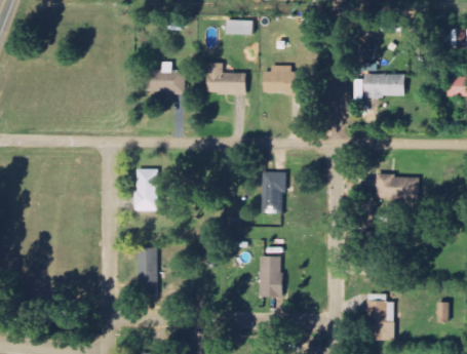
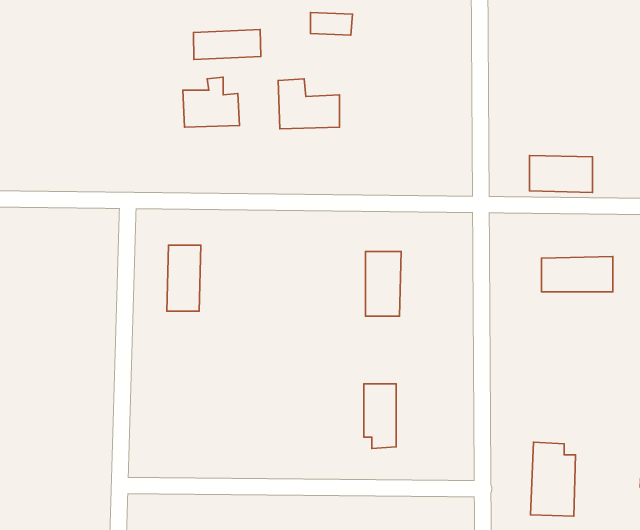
building: none -> [194,29,261,59]
building: [263,66,286,92] -> none
building: [363,74,403,97] -> [530,155,593,192]
building: [138,248,158,296] -> none

